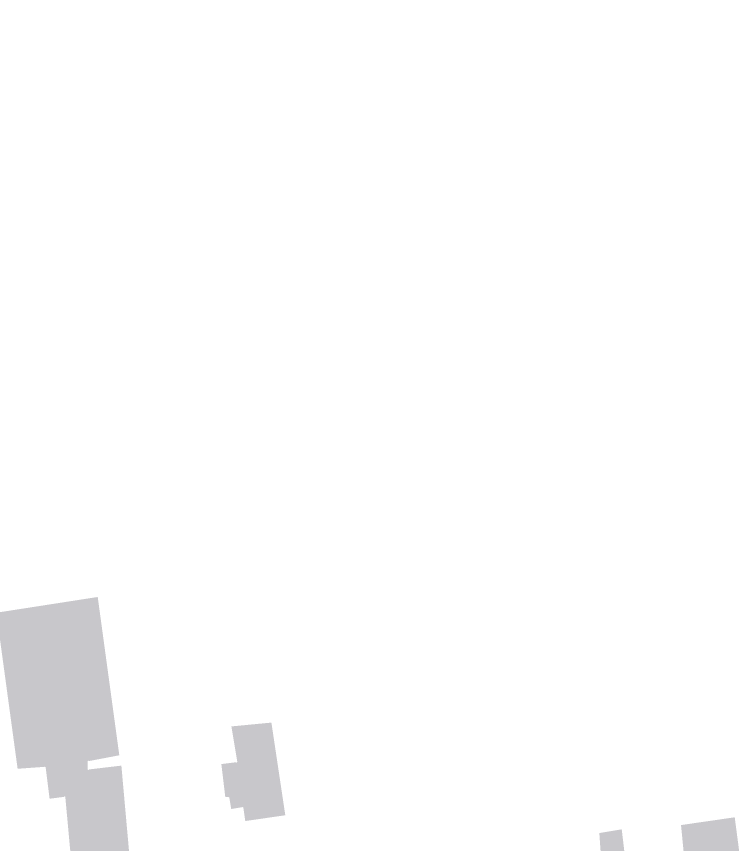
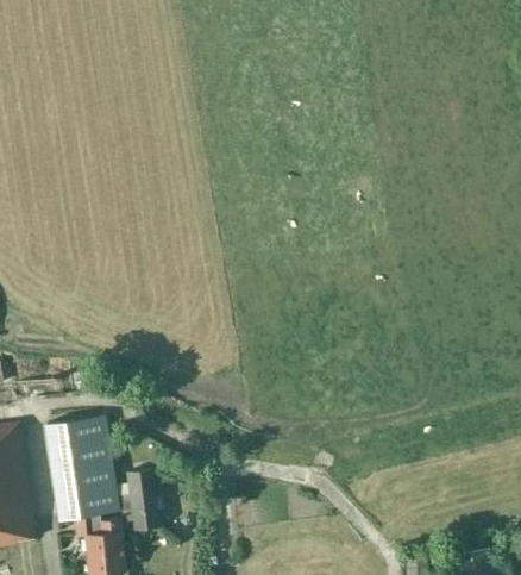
building: [221,722,286,821] -> [119,469,158,529]

